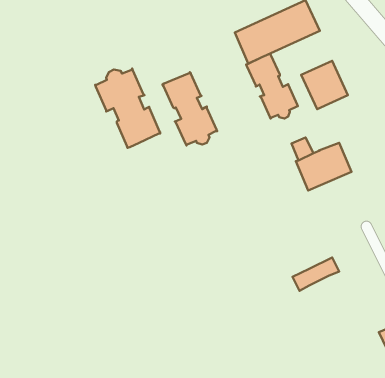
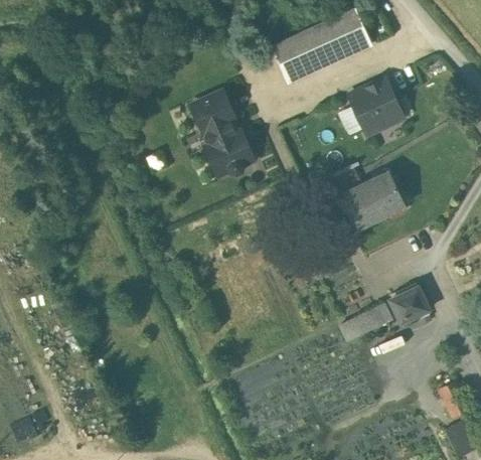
building: [246,53,298,119] -> none
building: [95,69,160,148] -> none
building: none -> [389,288,427,322]

